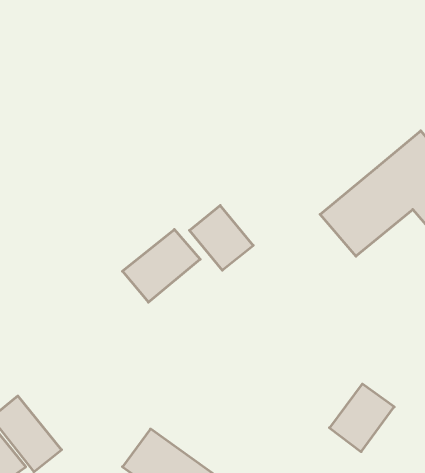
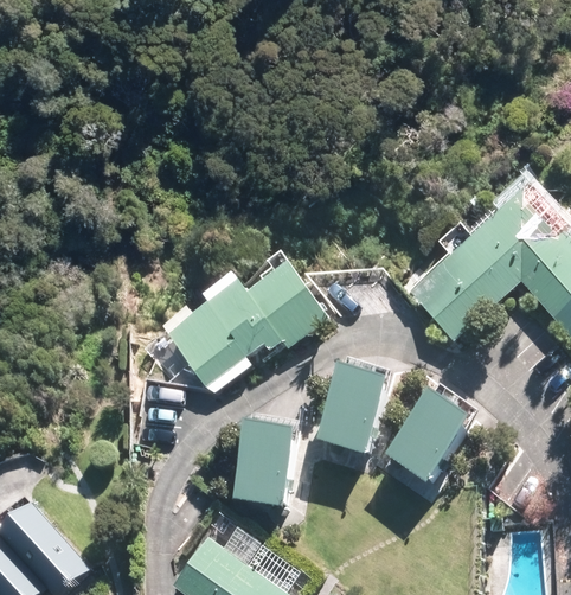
building: none -> [321,376,385,450]
building: none -> [238,436,295,504]
building: [329,384,394,452] -> [385,405,462,486]

